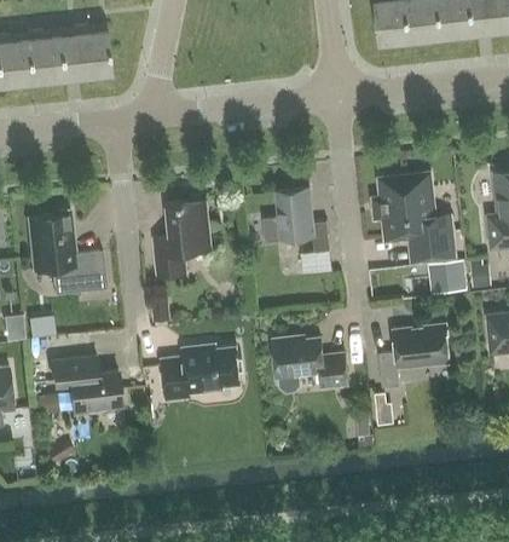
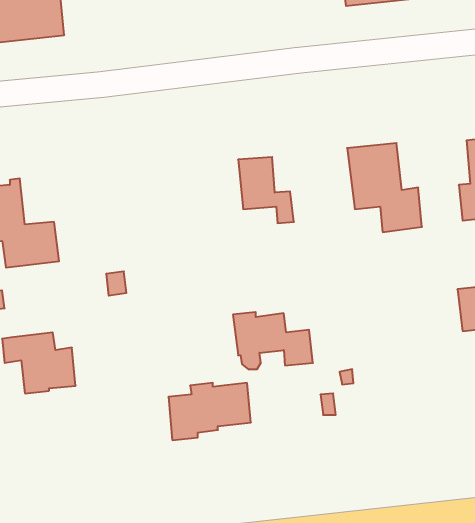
building: [154,202,210,277] -> none
building: [428,259,467,293] -> none
building: [378,324,450,387] -> none
building: [162,346,241,400] -> [168,383,251,440]

